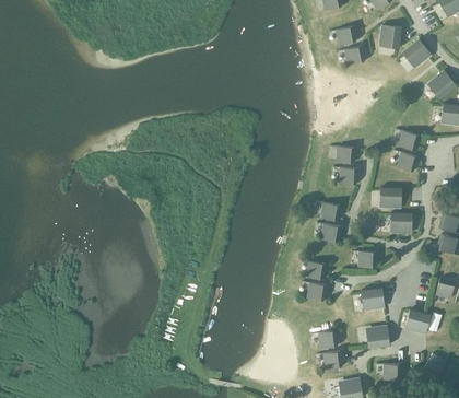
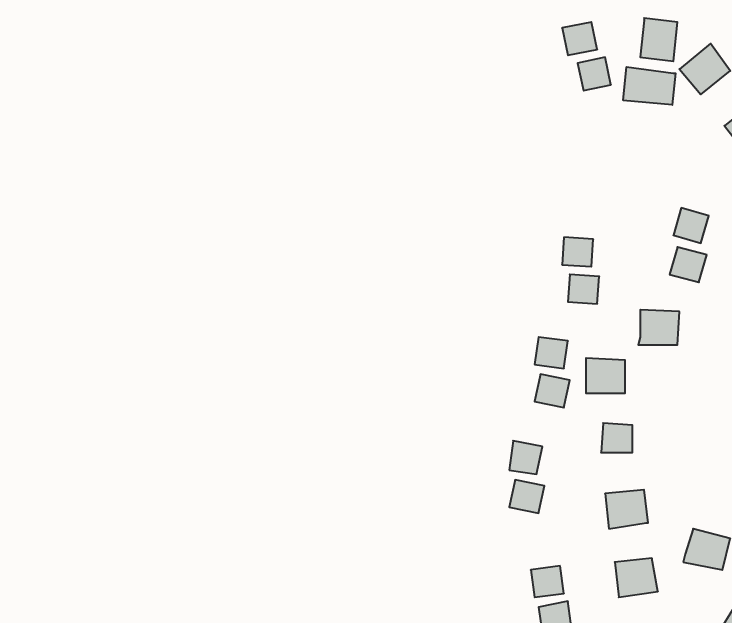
building: none -> [623,67,676,105]
building: [389,212,411,232] -> [586,358,625,393]

